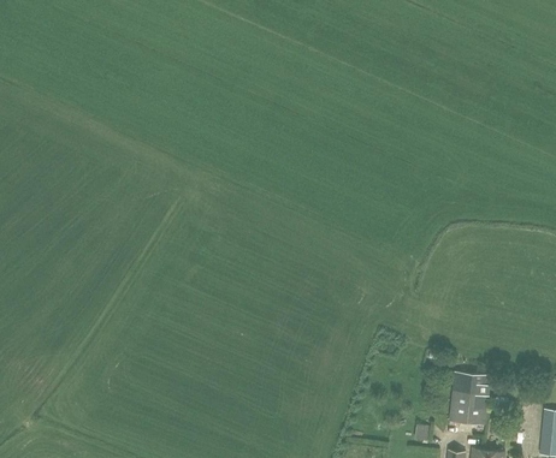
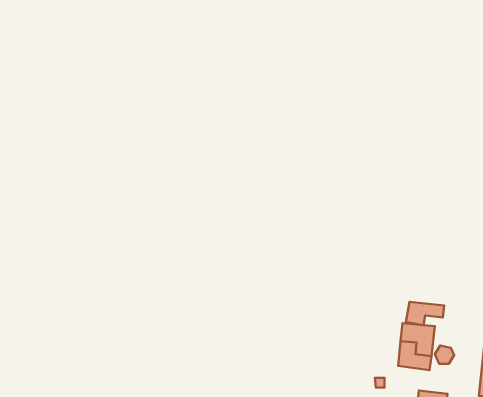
building: none -> [406,302,444,325]

